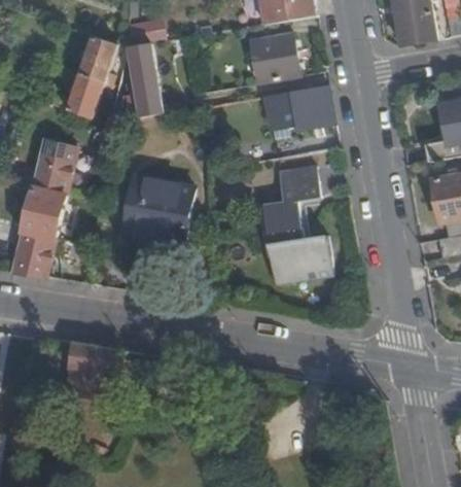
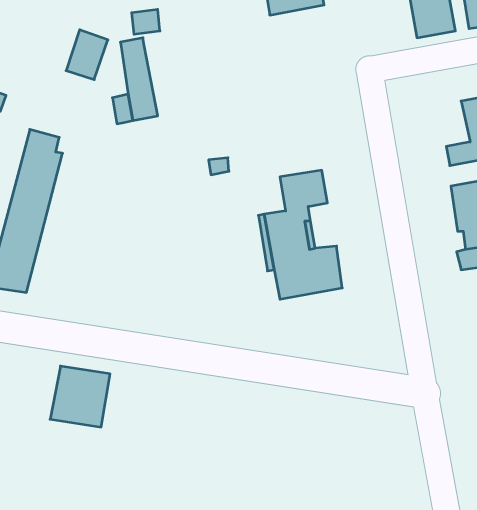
building: [251,33,299,83] -> none
building: [67,74,105,119] -> none
building: [277,86,333,128] -> none
building: [123,177,191,241] -> none

